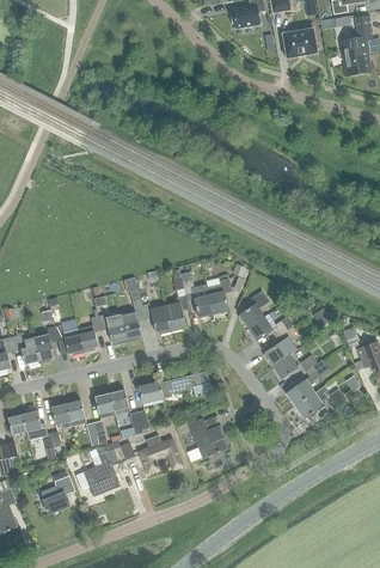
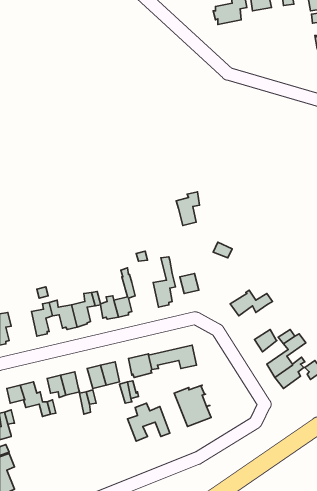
building: [282,28,317,57] -> none
building: [207,276,232,312] -> [176,192,200,225]
building: [239,289,270,326] -> none
building: [142,303,171,334] -> none
building: [264,328,298,365] -> none
building: [10,332,41,365] -> none
building: [82,441,135,496] -> none
building: [41,474,75,513] -> none

